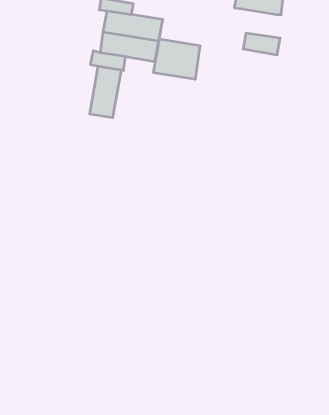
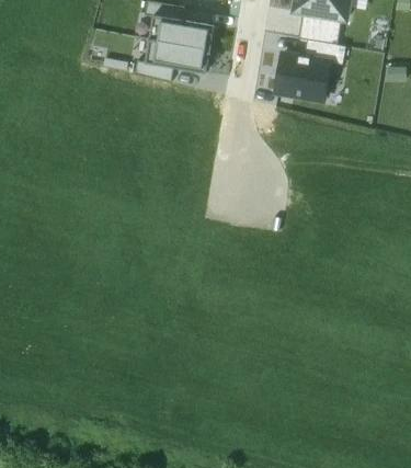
building: none -> [298,11,341,43]
building: [153,39,200,79] -> [276,53,329,98]
building: [90,66,121,118] -> none

